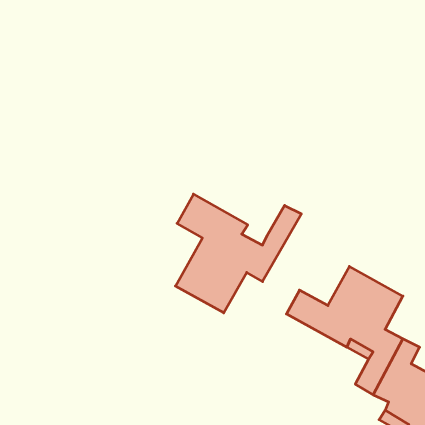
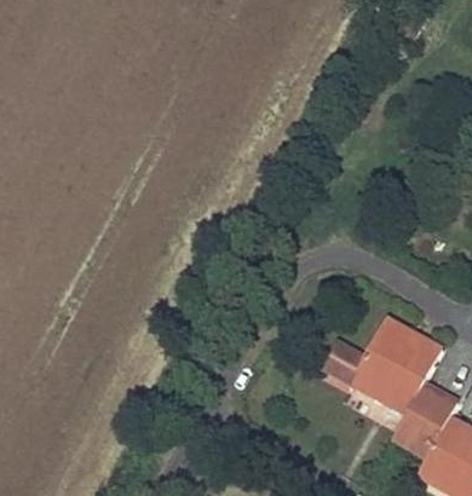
building: [175,194,301,313] -> none

